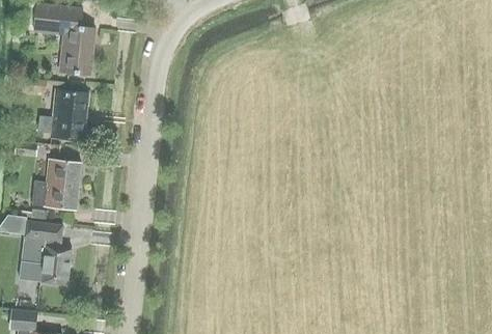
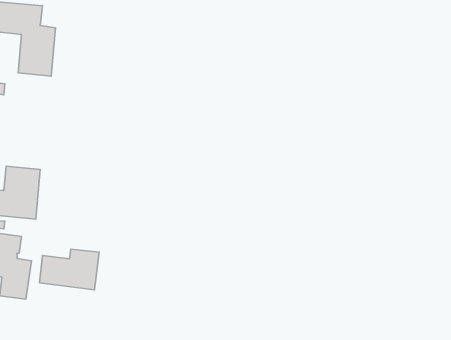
building: [50,88,88,139] -> none
building: none -> [39,249,99,290]

